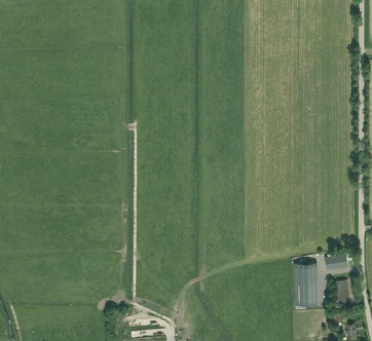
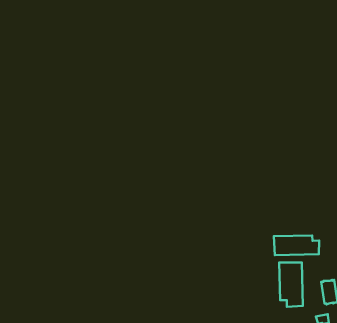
building: none -> [274,235,319,255]

